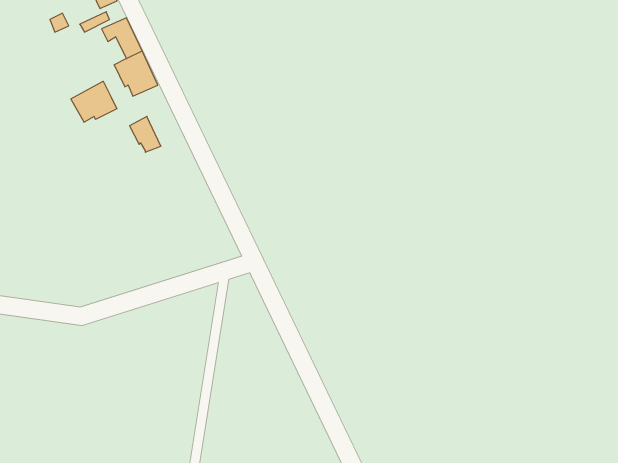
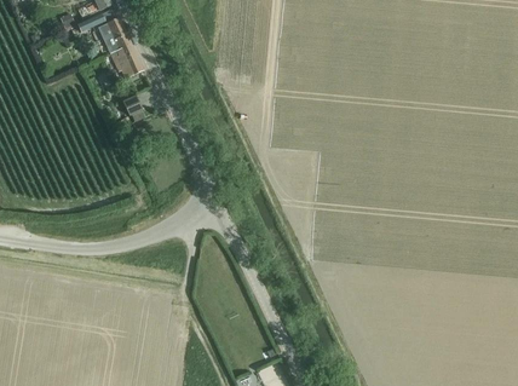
building: [71,81,117,122] -> none

